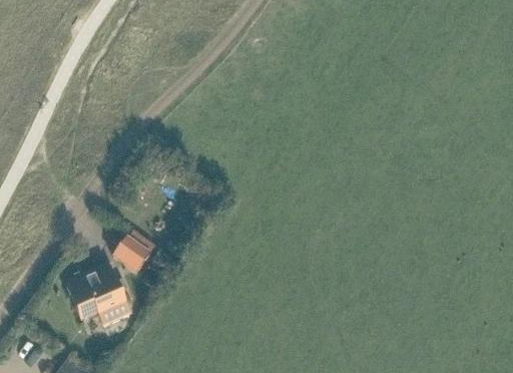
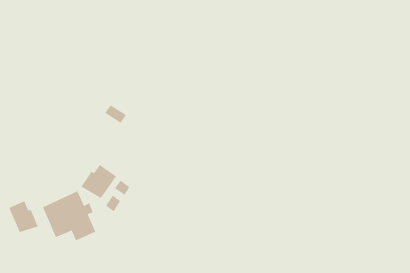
building: none -> [8,200,38,233]

